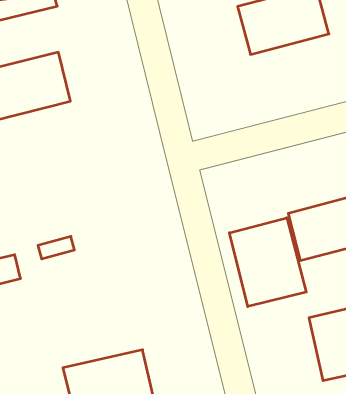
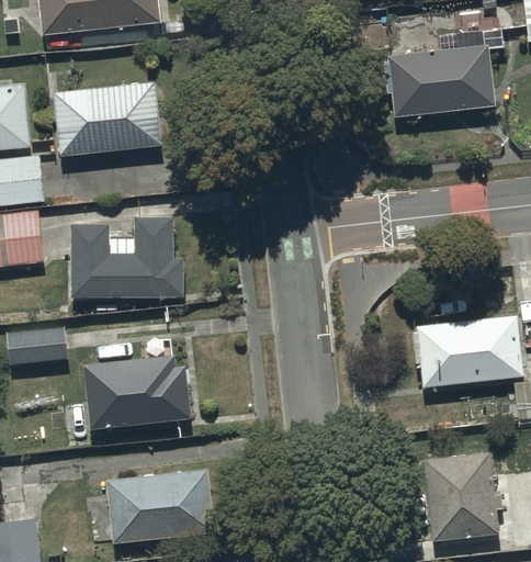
building: none -> [71,223,183,304]
building: [229,218,306,307] -> none
building: none -> [82,356,190,429]

